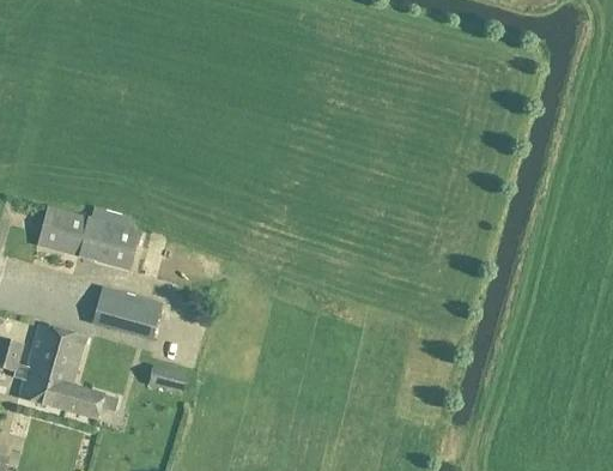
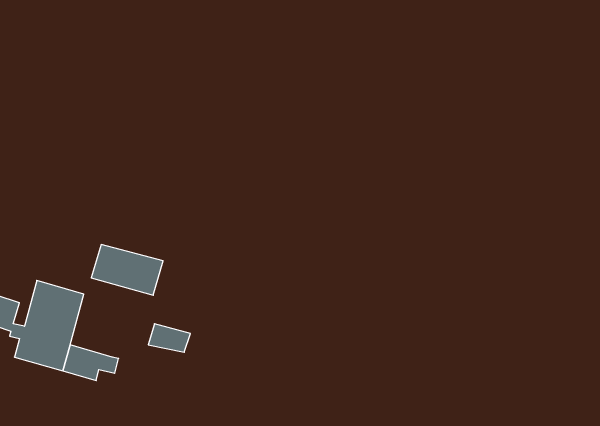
building: [37,205,140,268] -> none

